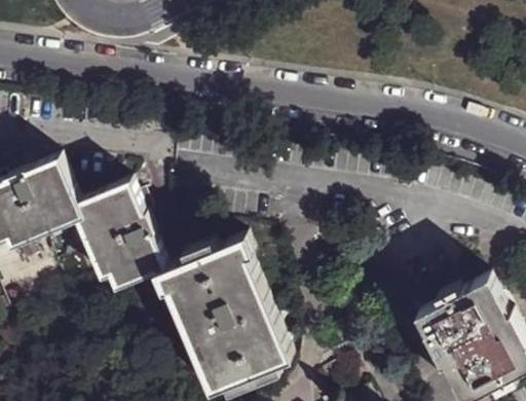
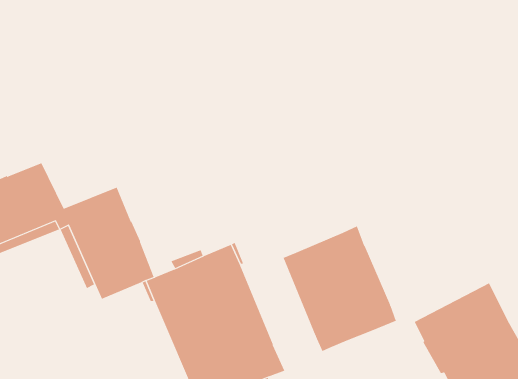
building: none -> [283,226,396,352]

